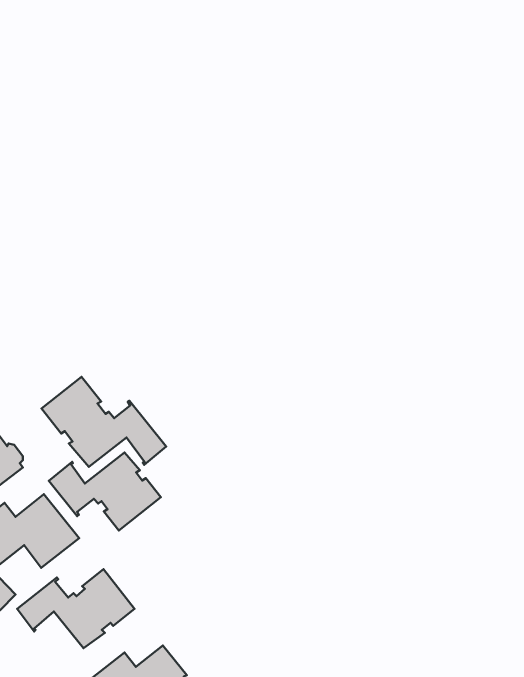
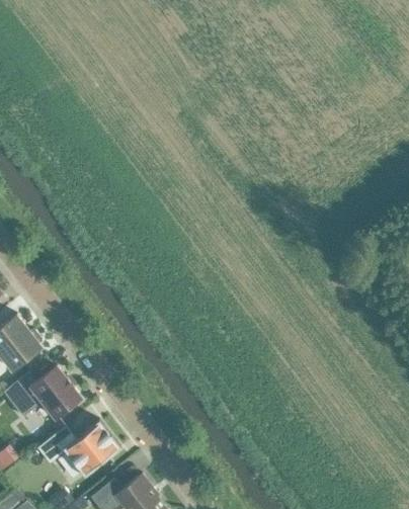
building: [42,377,166,467] -> none
building: [49,452,161,531] -> none

